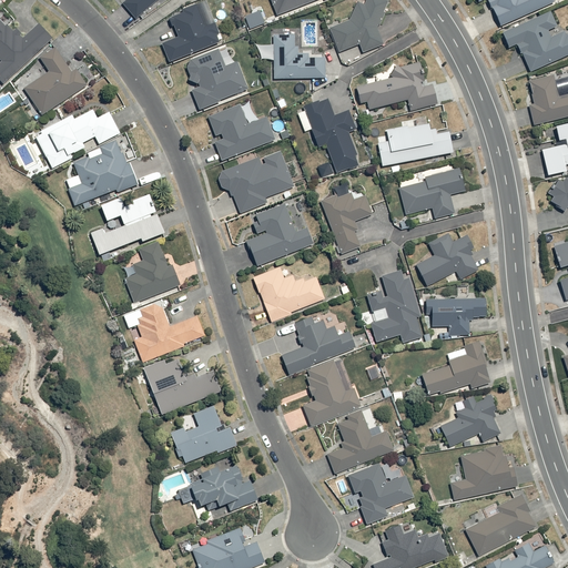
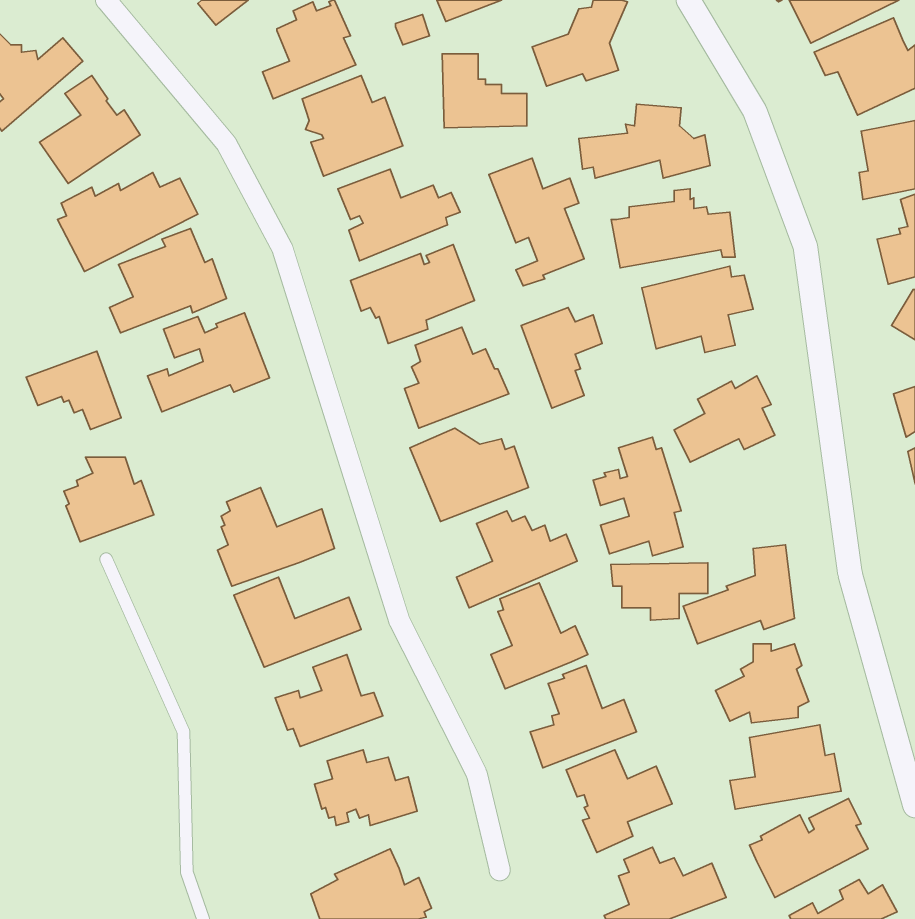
building: none -> [26,351,121,430]
building: [124,248,180,301] -> [64,457,154,542]
building: [426,298,486,334] -> [611,563,708,620]

